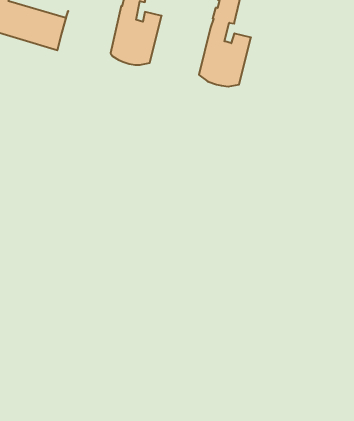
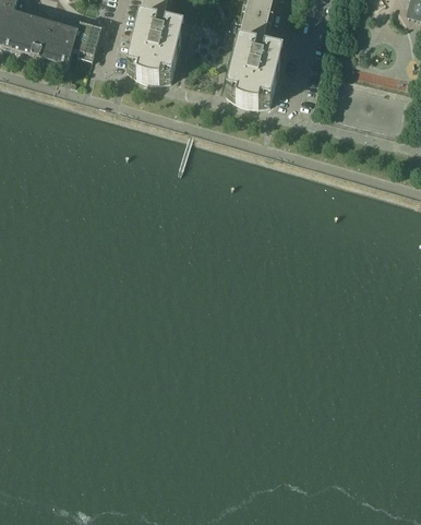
building: none -> [74,20,103,58]

